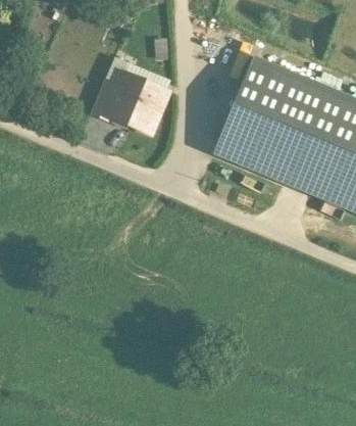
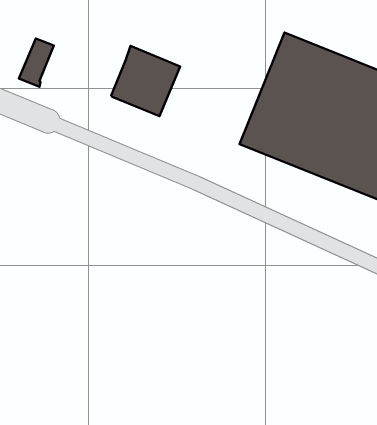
building: [90,78,119,119] -> [19,38,54,87]

